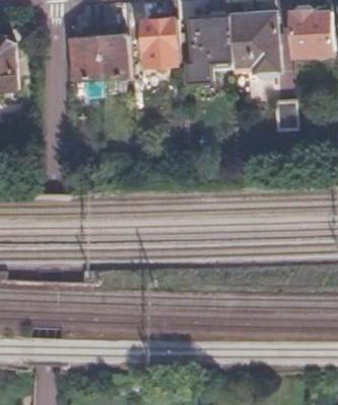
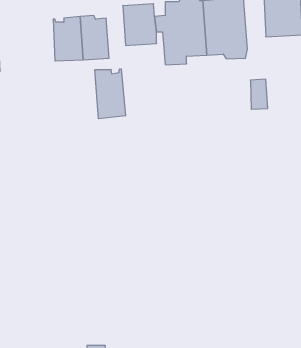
building: none -> [95,69,126,119]

